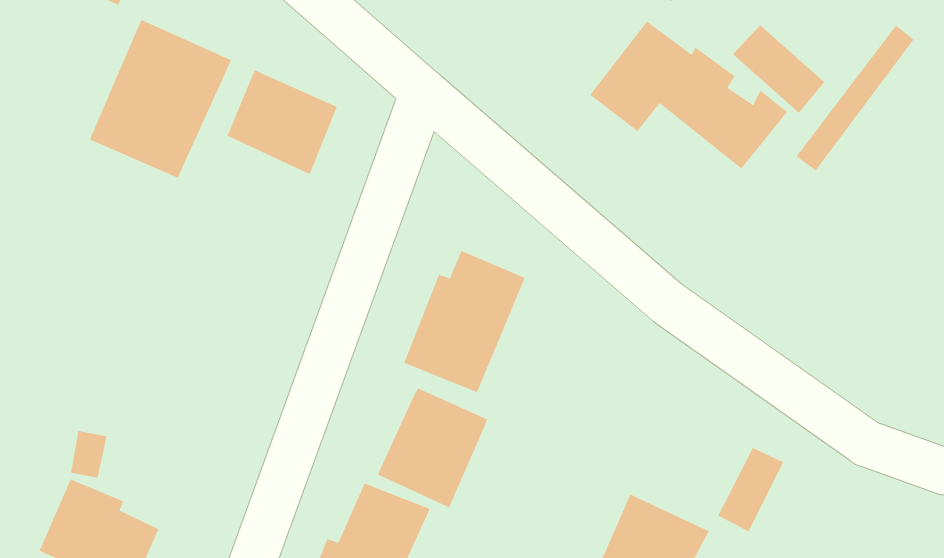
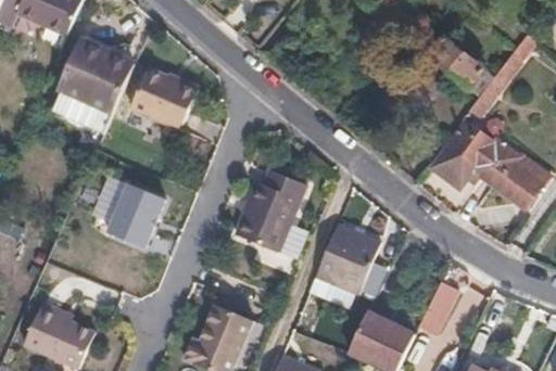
building: [589,20,788,169] -> [430,125,546,212]
building: none -> [106,183,164,247]
building: [377,387,489,508] -> [317,228,382,298]

